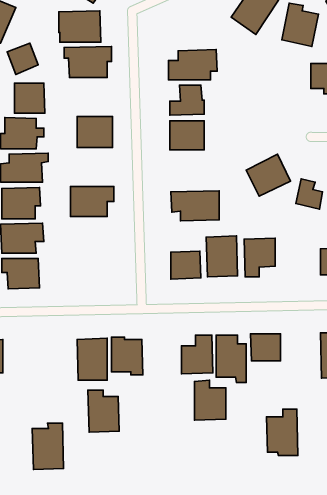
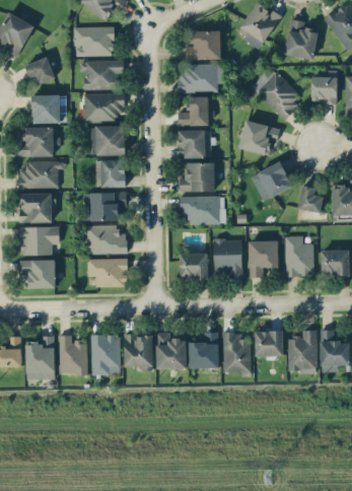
building: none -> [185,30,221,59]
building: none -> [251,66,298,119]
building: none -> [84,92,125,122]
building: none -> [238,120,280,155]
building: none -> [97,159,126,187]
building: none -> [179,162,214,191]
building: none -> [86,224,127,254]
building: none -> [285,235,313,276]
building: none -> [87,258,127,287]
building: [194,380,226,420] -> [156,332,186,369]
building: [88,390,119,432] -> [58,335,87,374]
building: [267,409,298,456] -> [287,330,316,373]
building: [32,423,64,470] -> [25,336,55,379]

